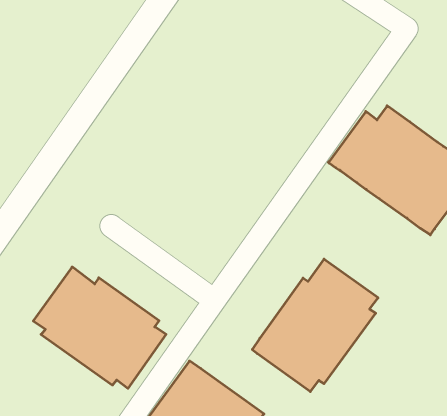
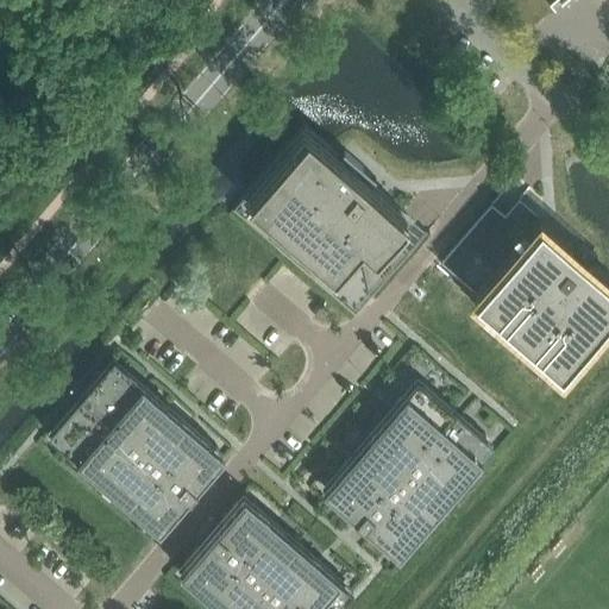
building: none -> [234,140,429,329]

